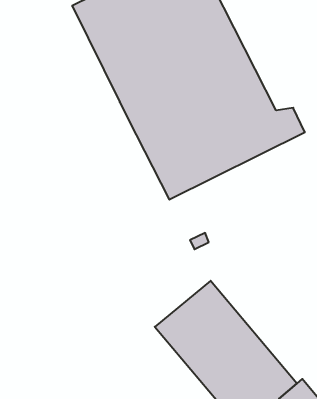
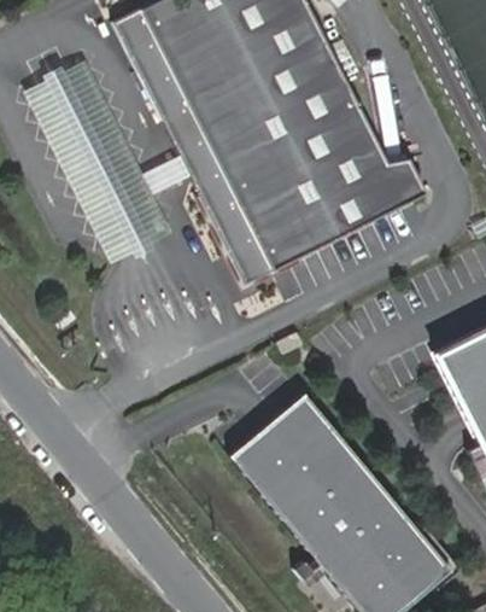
building: none -> [25,60,189,262]

